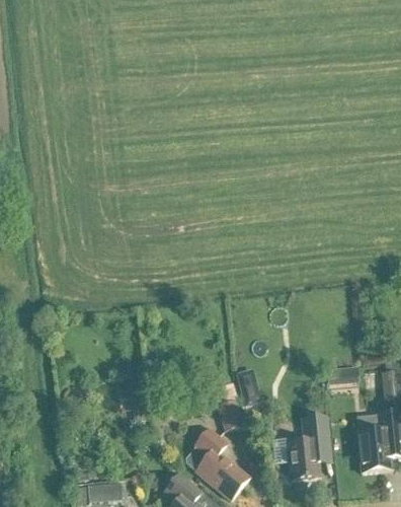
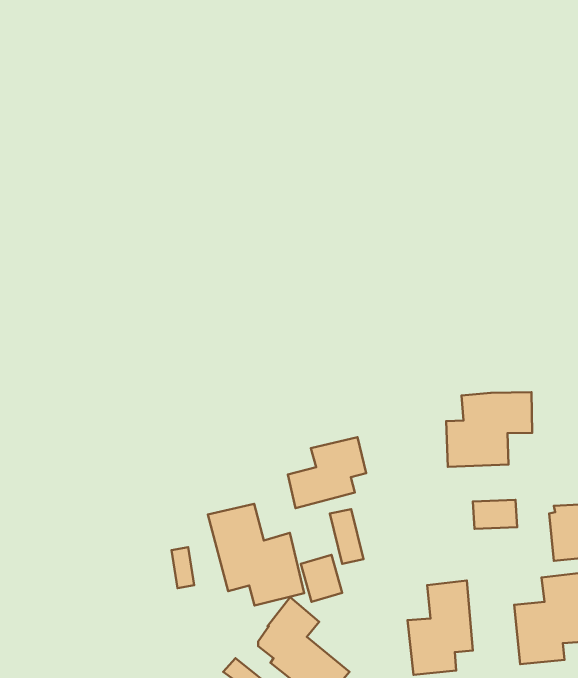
building: none -> [446,392,532,467]
building: none -> [288,437,366,508]
building: none -> [208,504,304,605]

